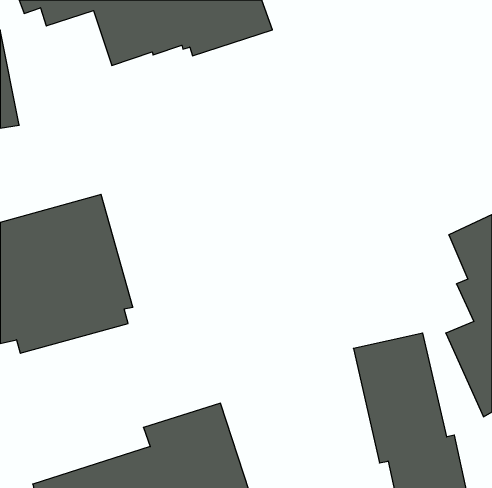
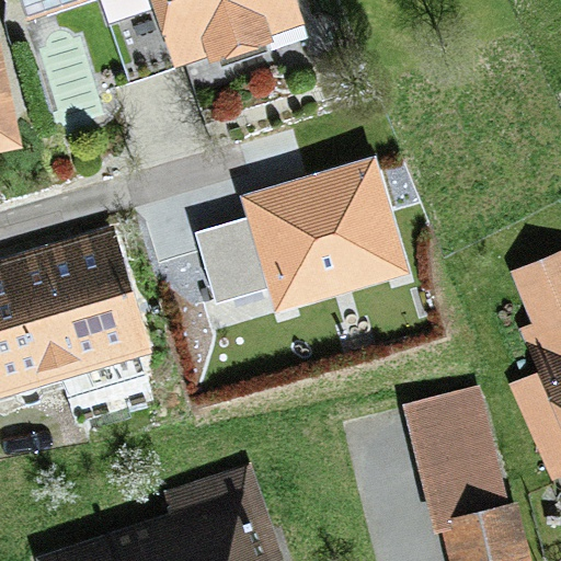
building: none -> [201,144,423,322]

